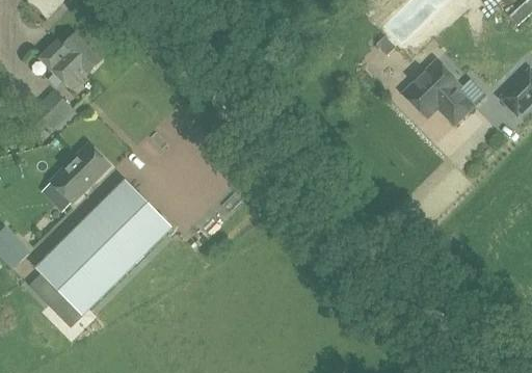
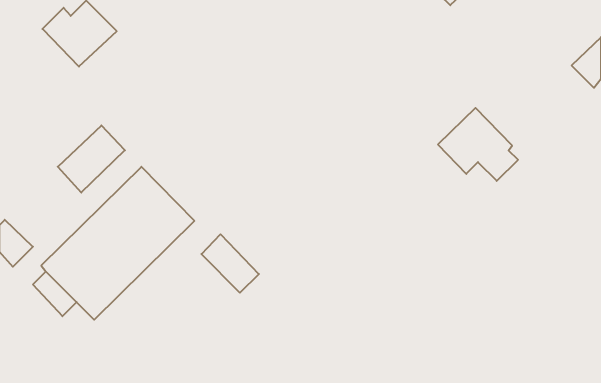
building: [403,60,474,125] -> [438,108,518,181]
building: [31,91,73,133] -> none
building: none -> [201,234,259,293]

